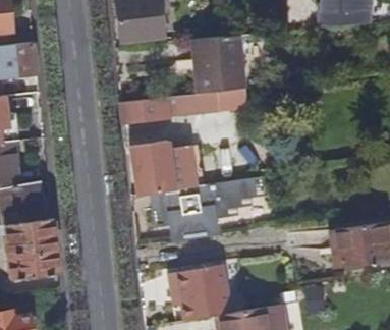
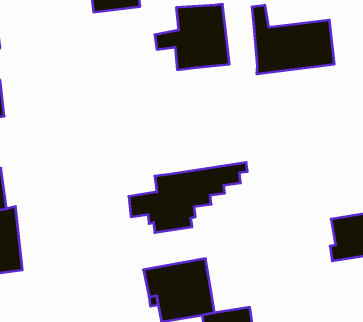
building: none -> [252,5,334,74]
building: [120,92,218,124] -> none
building: [130,141,193,196] -> none

